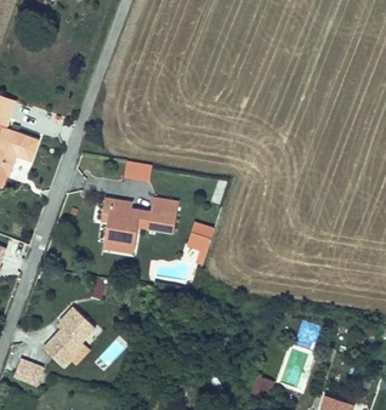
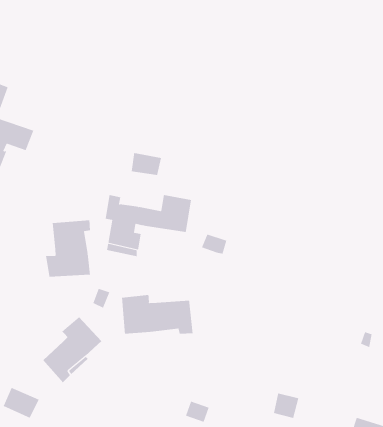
building: none -> [46,220,90,278]
building: none -> [122,294,193,334]

